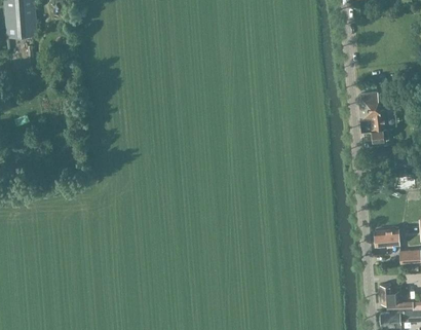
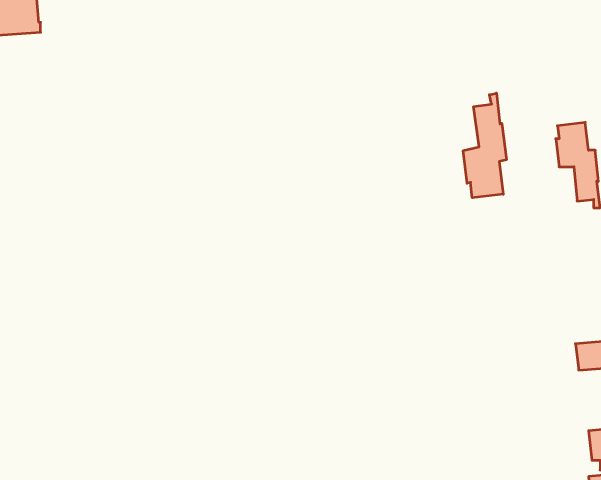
building: none -> [463,93,506,198]

